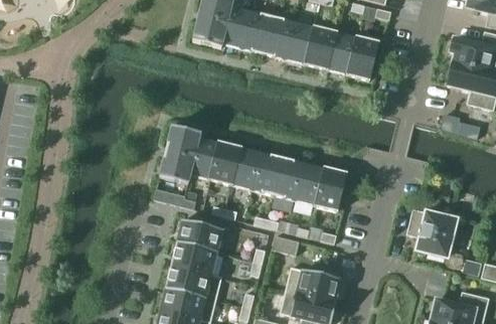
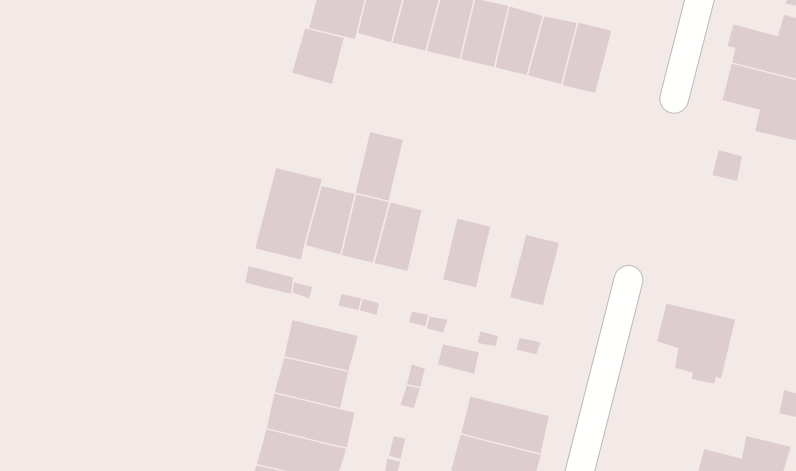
building: none -> [291,28,345,85]
building: [255,152,285,195] -> [355,131,404,201]
building: [297,162,327,206] -> none

